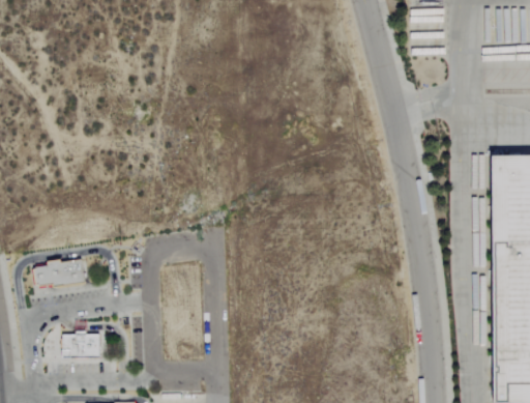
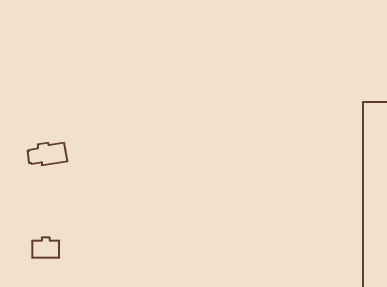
building: [35,259,87,288] -> [27,143,67,165]

